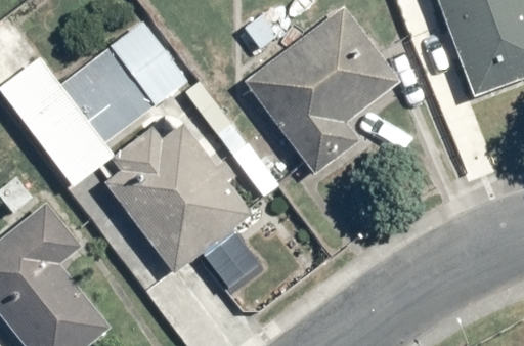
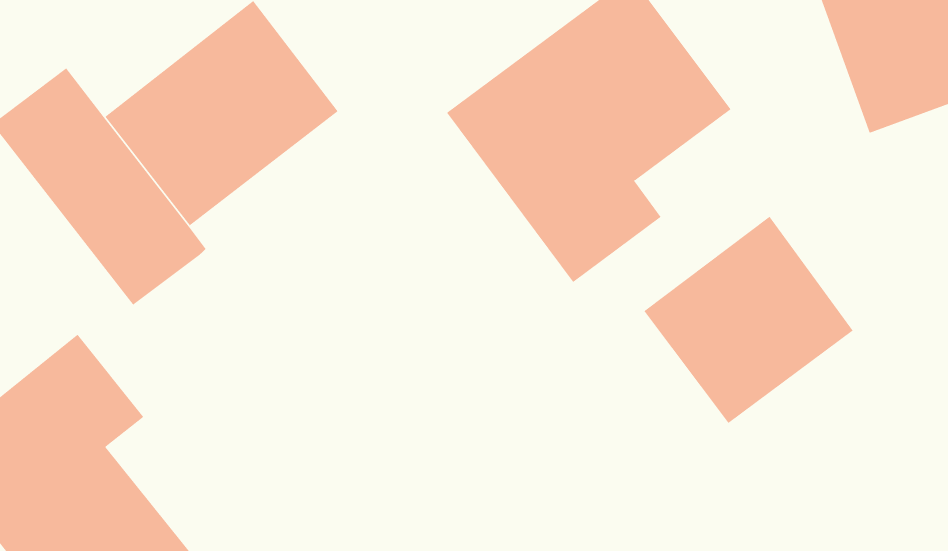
building: [104,124,251,273] -> none
building: none -> [644,216,854,424]

